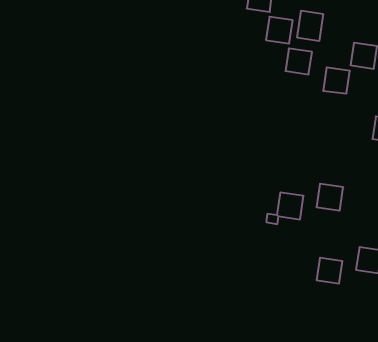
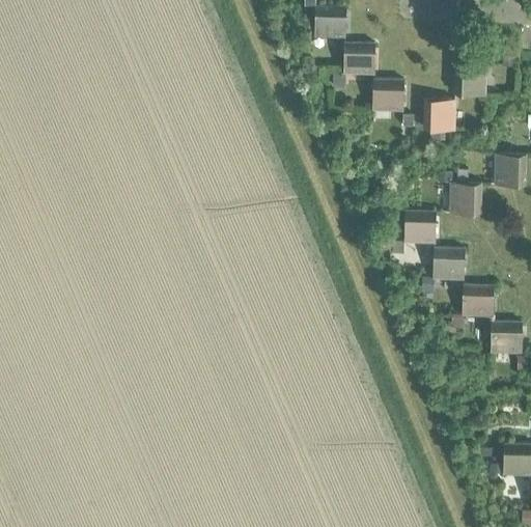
building: [297,11,323,41] -> none
building: none -> [450,183,480,214]
building: [266,193,304,224] -> [392,212,436,252]
building: [317,258,342,284] -> [463,285,493,315]

